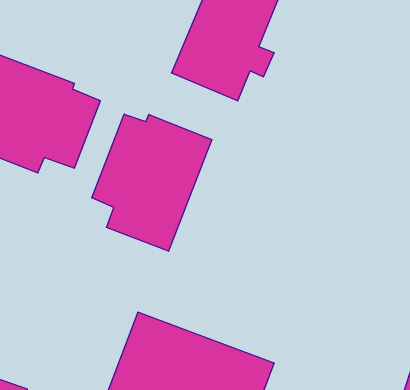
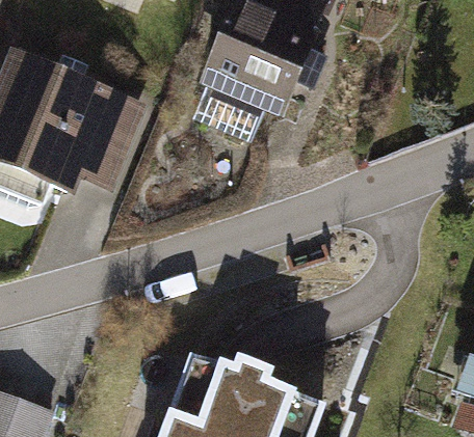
building: [92,114,212,251] -> none

